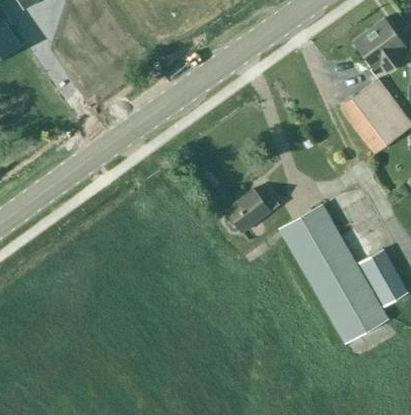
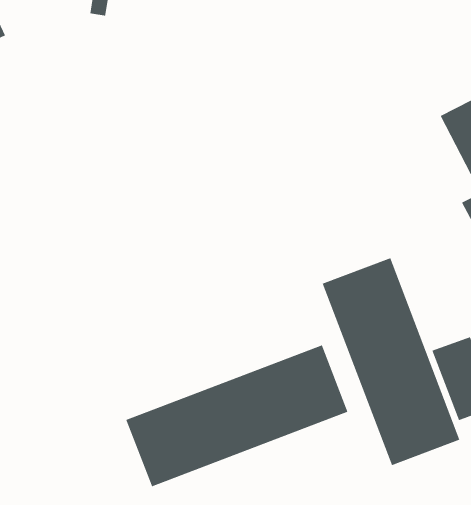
building: [225,188,279,232] -> none
building: none -> [126,344,348,487]

